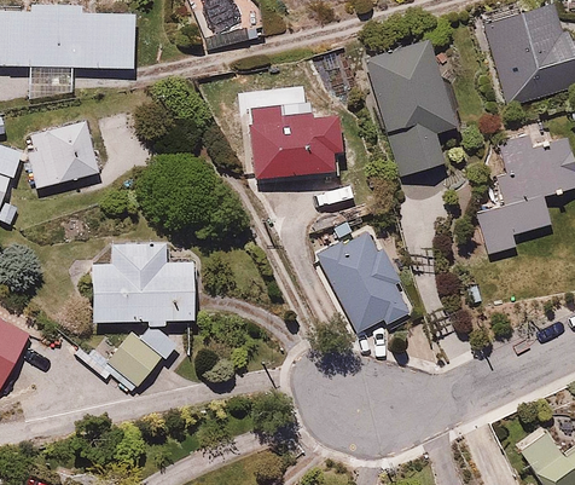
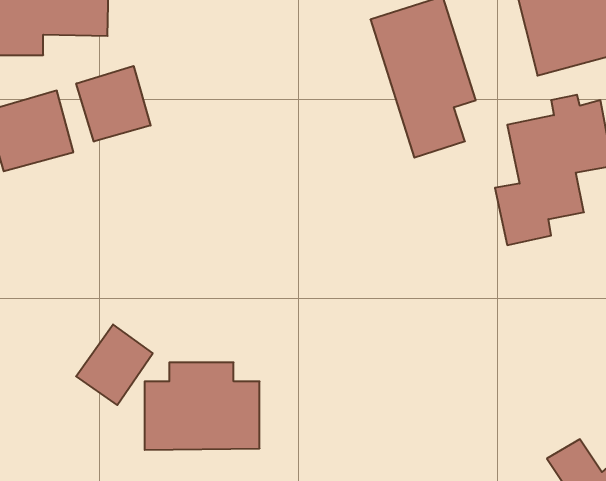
building: none -> [76,66,151,142]
building: [245,102,345,178] -> none
building: [312,220,416,337] -> none
building: [87,244,188,322] -> [145,362,260,450]

